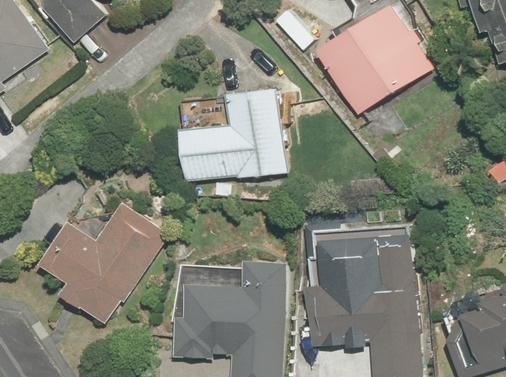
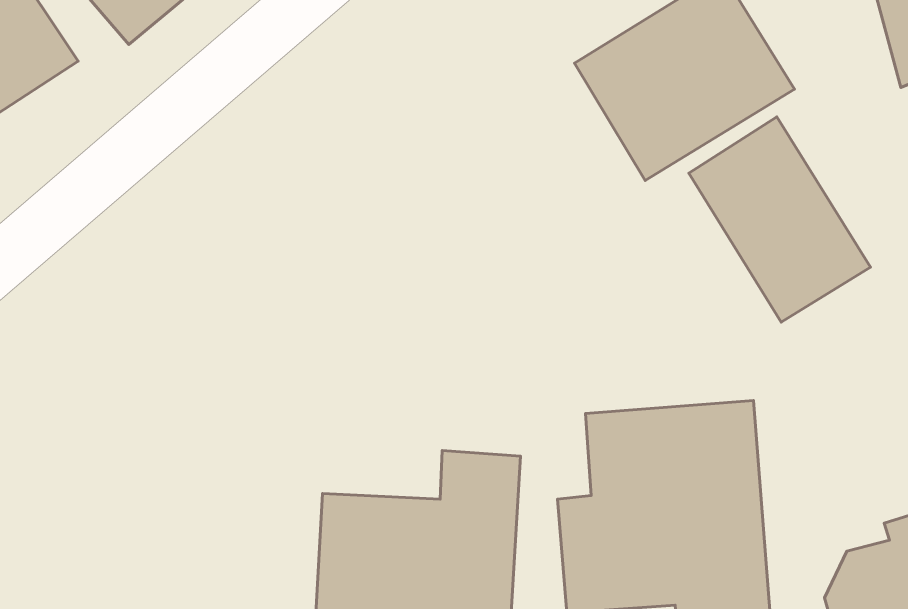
building: none -> [689,117,871,322]
building: [181,89,287,179] -> none
building: [39,201,170,323] -> none

